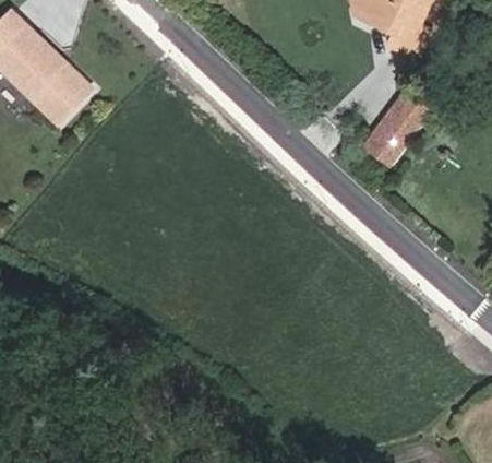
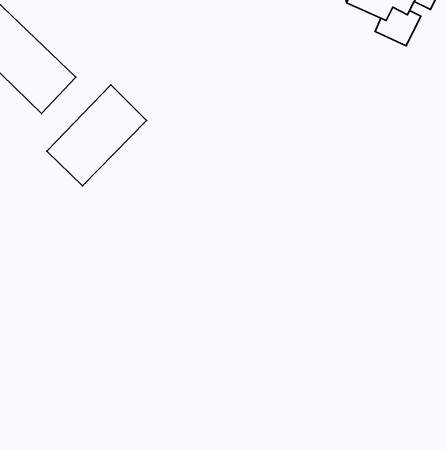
building: [362,92,429,165] -> none
building: none -> [47,85,147,186]

